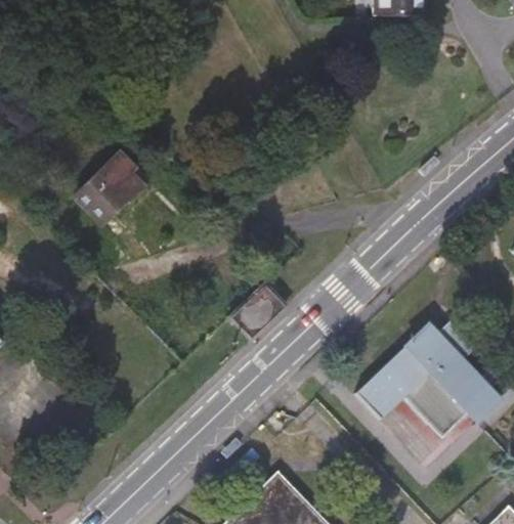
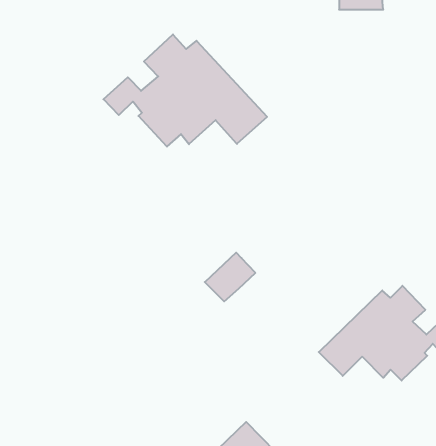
building: none -> [103,34,267,147]
building: [76,157,141,224] -> none

